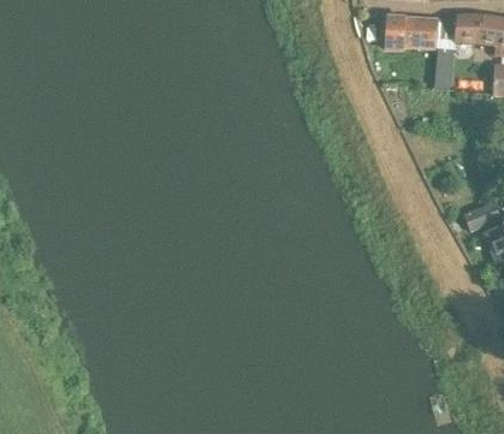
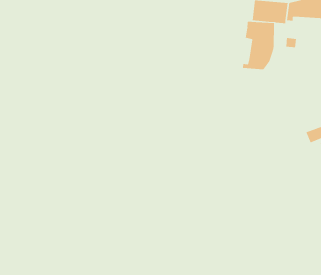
building: none -> [243,21,275,70]

